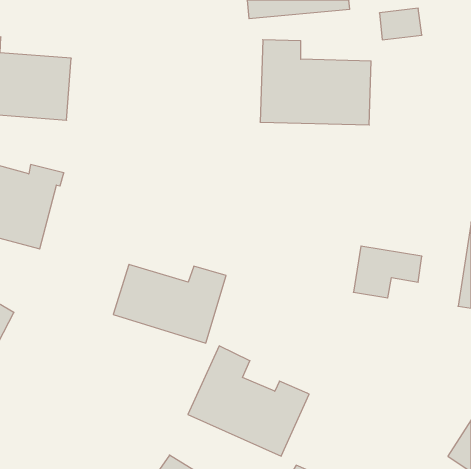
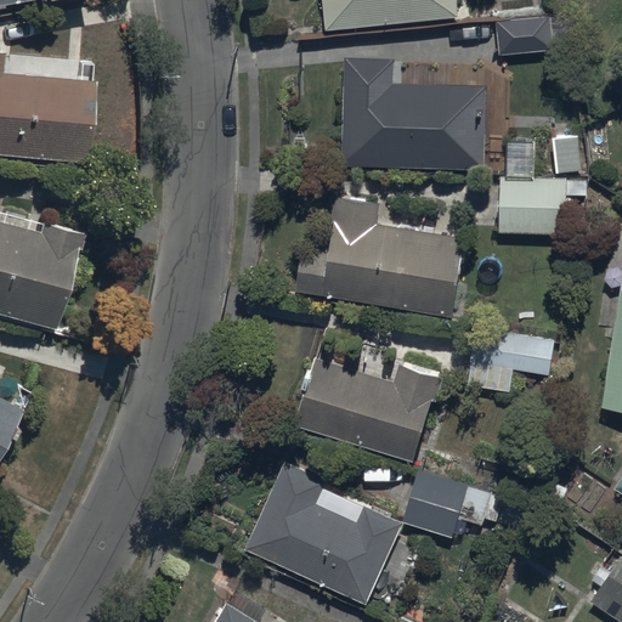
building: none -> [499,177,582,234]
building: none -> [296,196,468,317]
building: [113,264,226,343] -> [294,358,442,462]
building: none -> [403,469,493,538]

